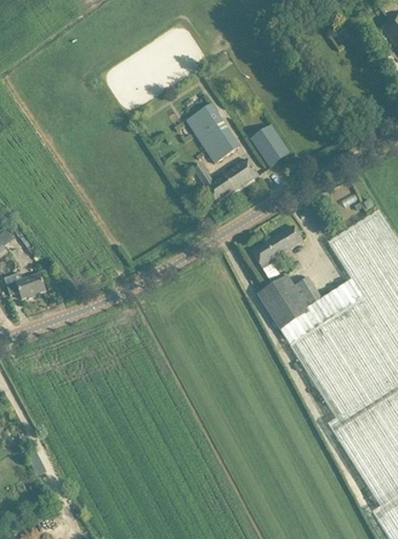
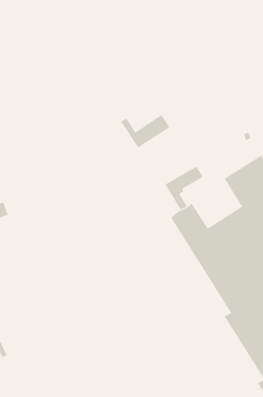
building: [187,103,240,163] -> none
building: [251,125,290,166] -> none

